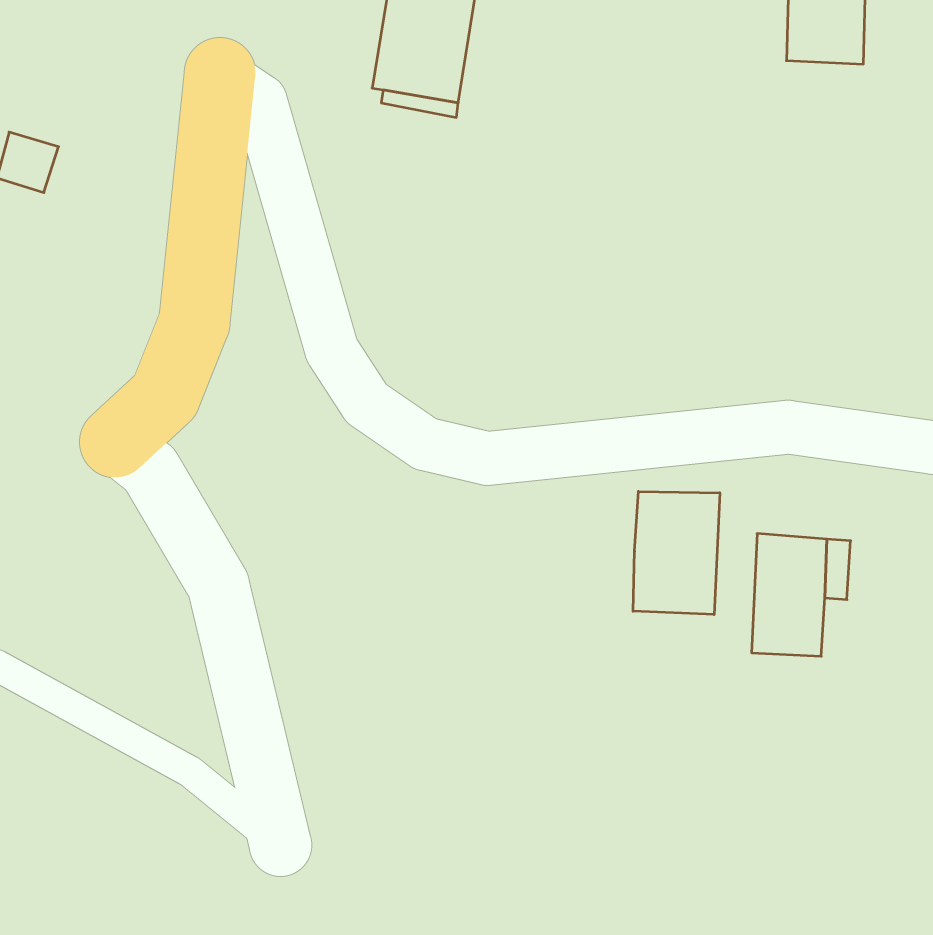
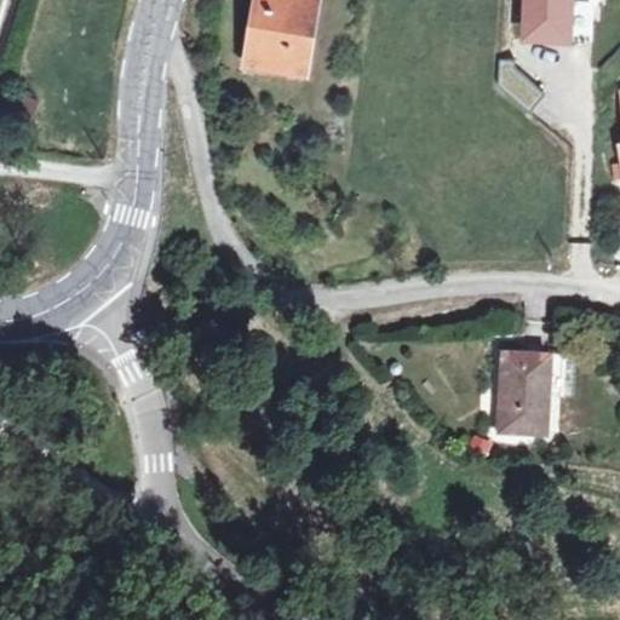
building: [633,491,720,615] -> none

